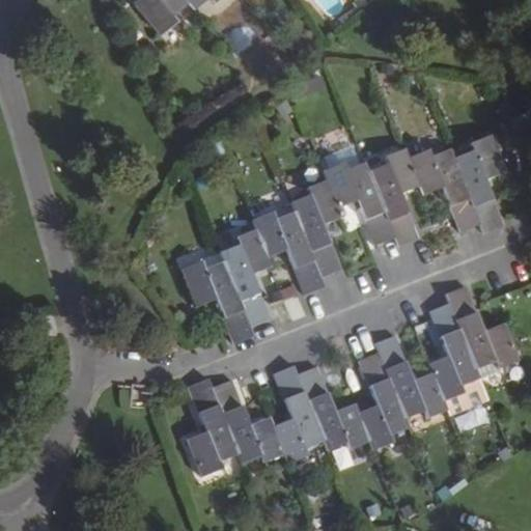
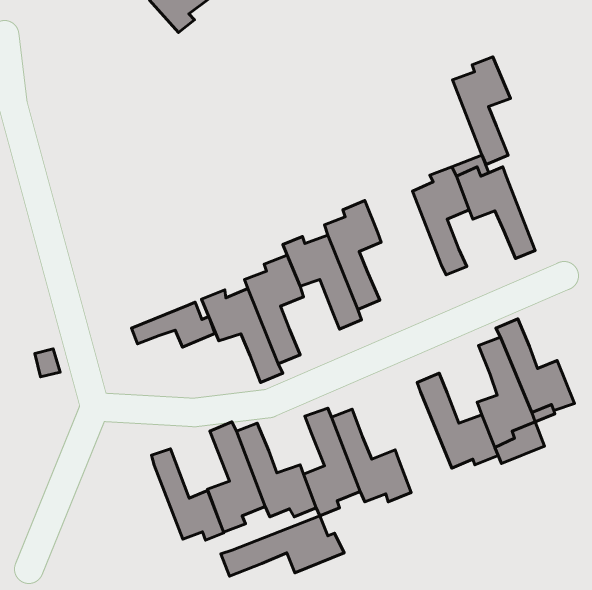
building: [453,137,505,233] -> [452,57,510,165]
building: [324,163,395,245] -> none
building: none -> [131,302,215,347]
building: [357,351,408,449] -> none
building: none -> [151,449,224,540]
building: none -> [221,516,344,576]

